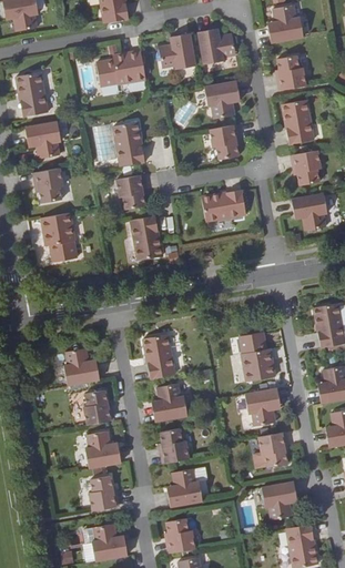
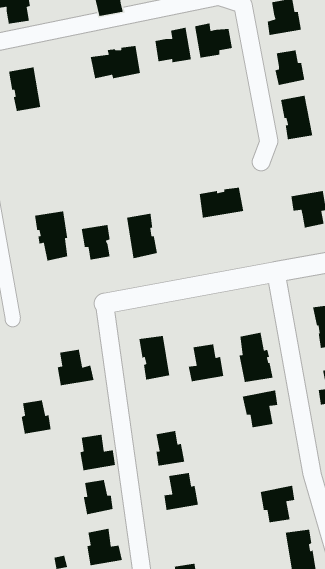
building: [204,81,240,119] -> none
building: [24,121,61,159] -> none
building: [113,122,144,166] -> none
building: [210,124,239,160] -> none
building: [291,150,321,185] -> none
building: [33,168,63,203] -> none
building: [116,174,145,210] -> [81,224,110,260]
building: [152,384,187,422] -> [188,344,224,382]
building: [83,390,113,425] -> [21,399,52,435]
building: [258,433,287,467] -> none
building: [165,518,195,554] -> none

